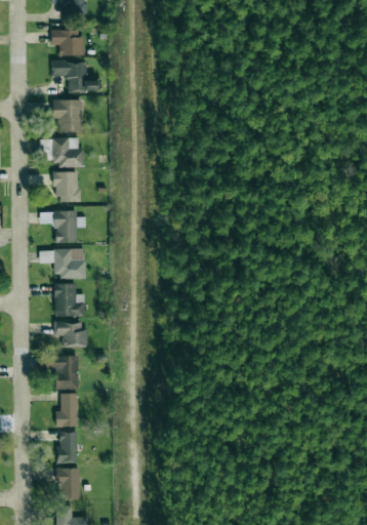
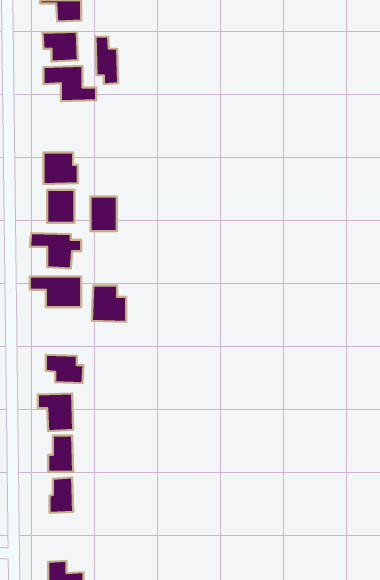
building: none -> [95,36,118,84]
building: [52,99,82,132] -> none
building: none -> [91,197,117,231]
building: [53,284,84,317] -> [92,286,126,322]
building: [57,468,80,499] -> none

